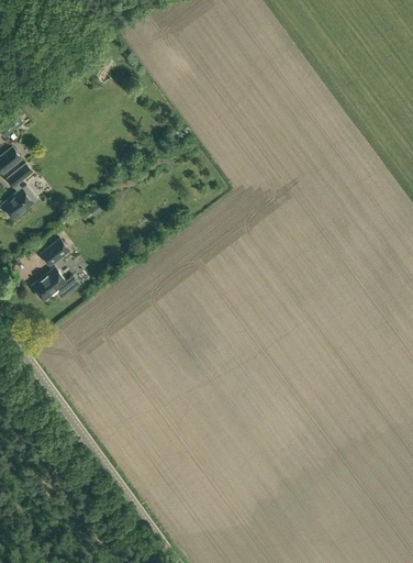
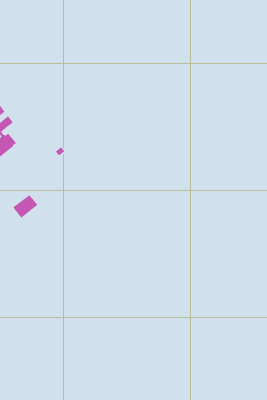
building: [41,236,72,267] -> none

